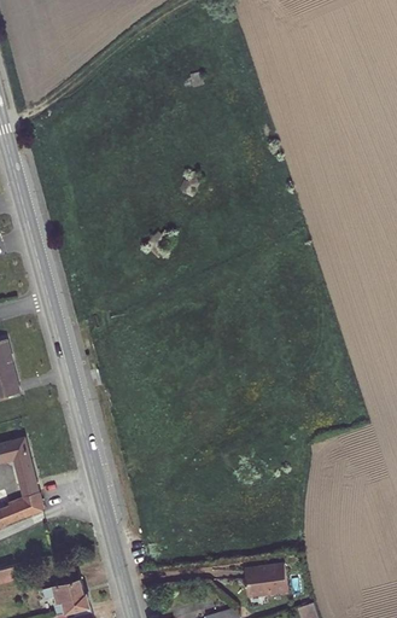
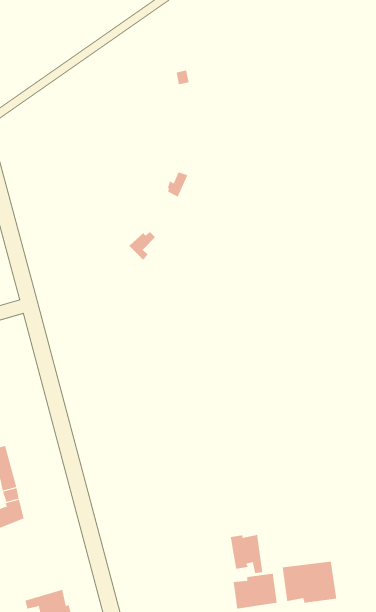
building: none -> [230,534,263,574]
building: none -> [282,561,337,604]

